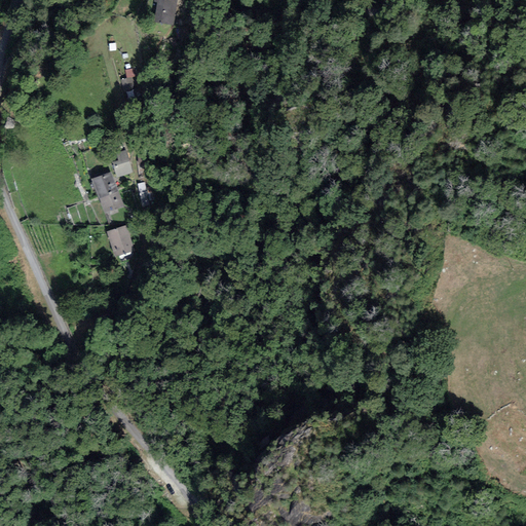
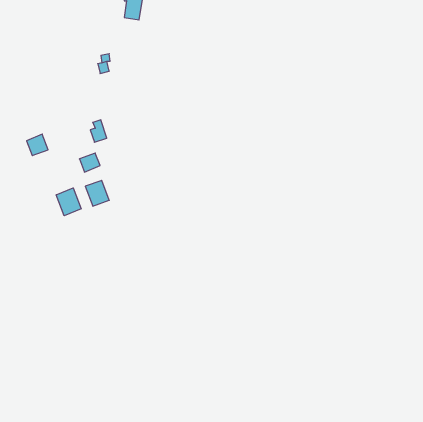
building: [91,171,118,197] -> [27,134,48,156]
building: none -> [56,188,81,216]

